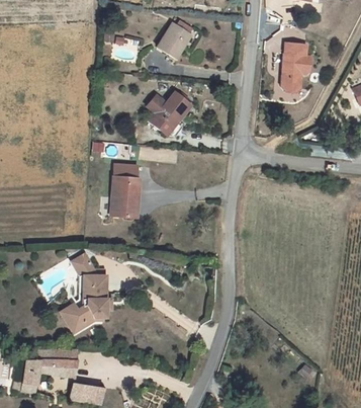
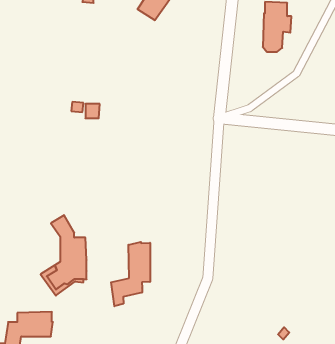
building: [147,91,193,138] -> none
building: [111,162,139,217] -> none
building: none -> [111,242,150,306]

